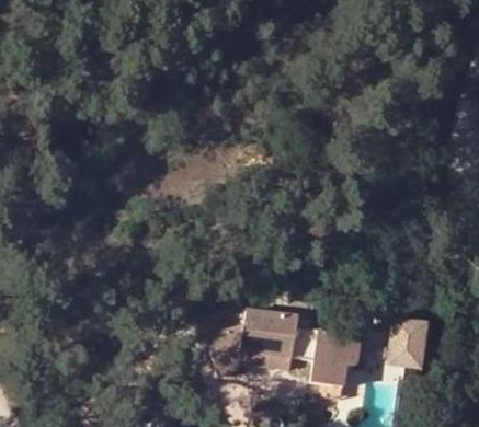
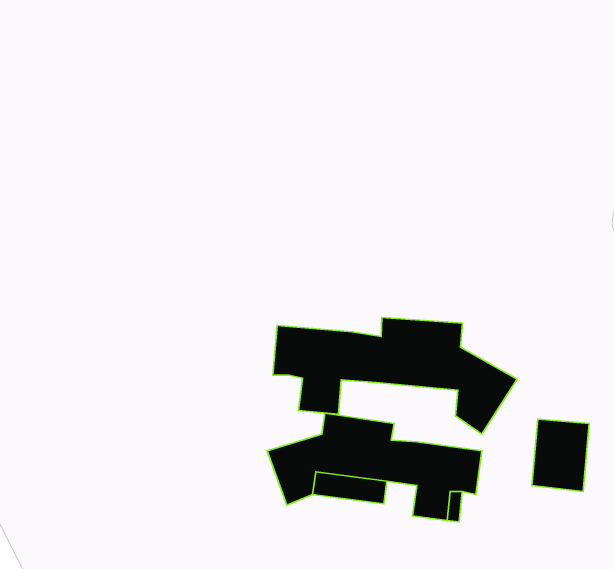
building: none -> [273,317,517,434]

